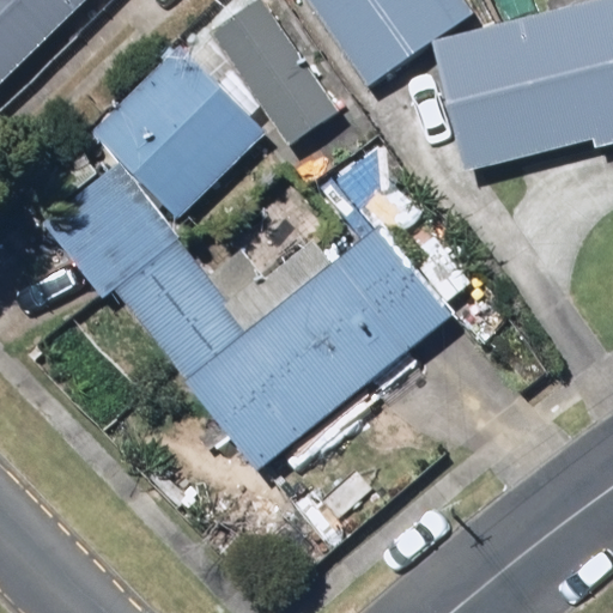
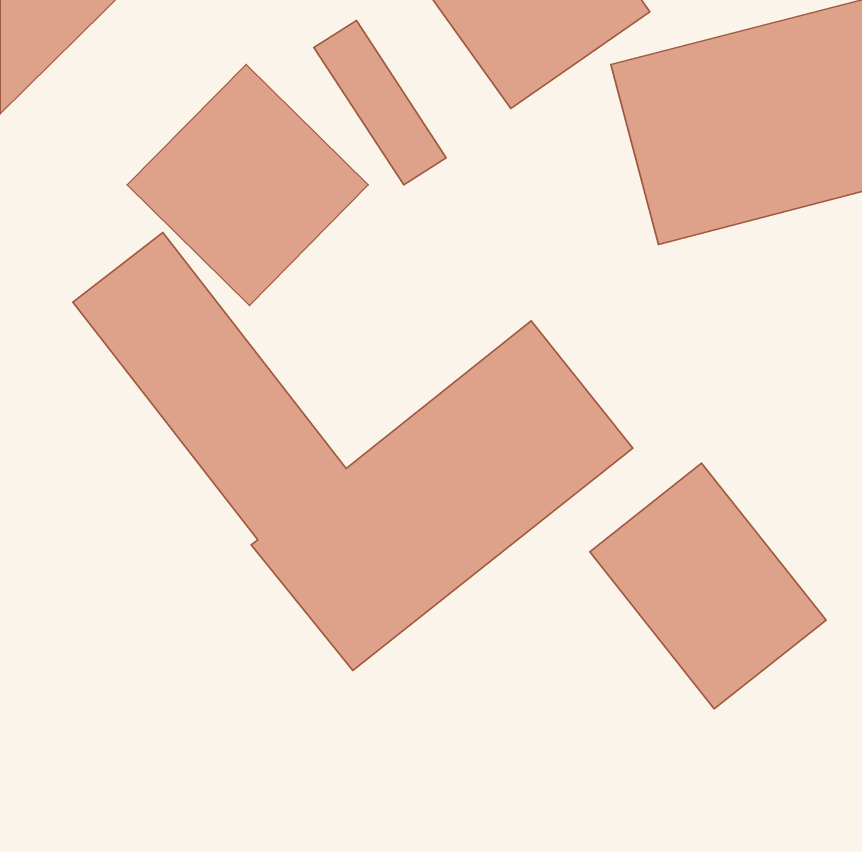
building: none -> [590,463,826,709]

